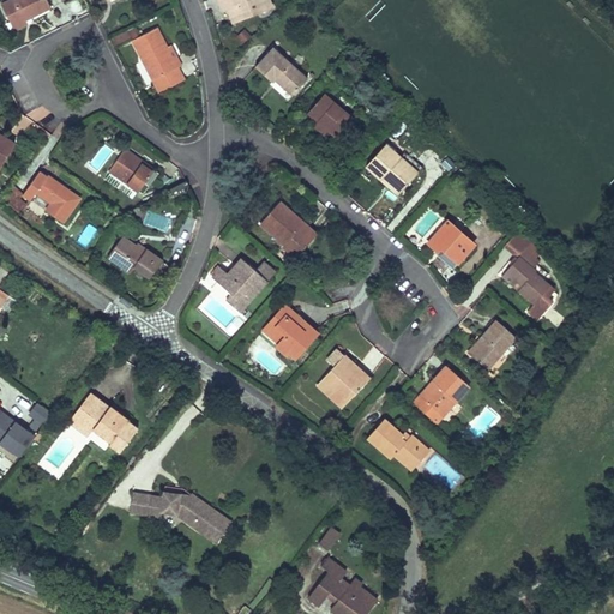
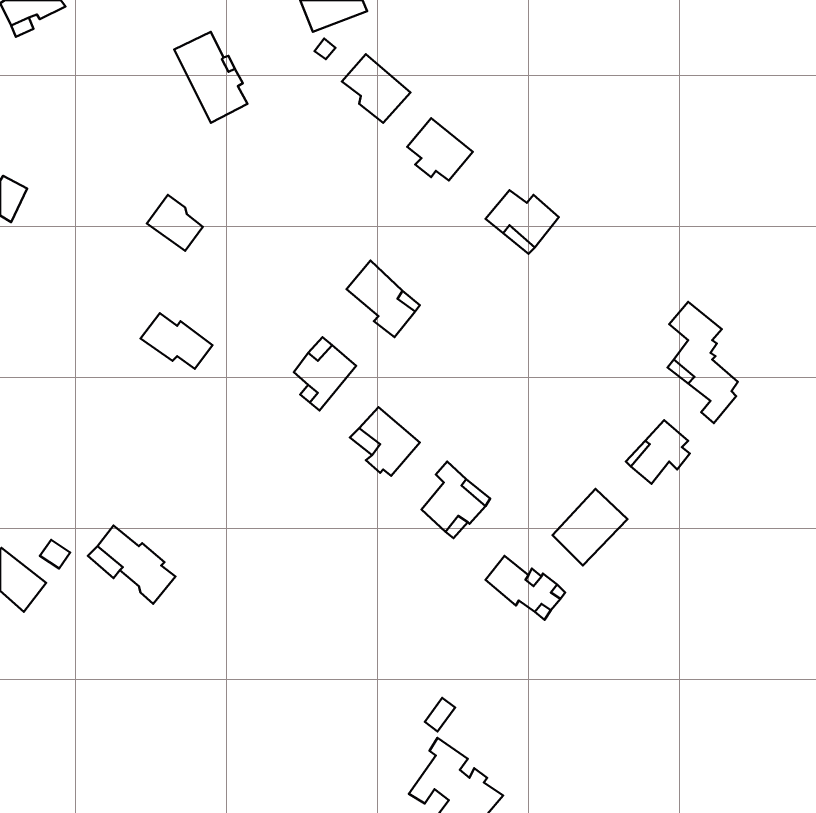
building: [24,177,80,225] -> none
building: [426,221,476,263] -> none
building: [130,486,231,543] -> none

